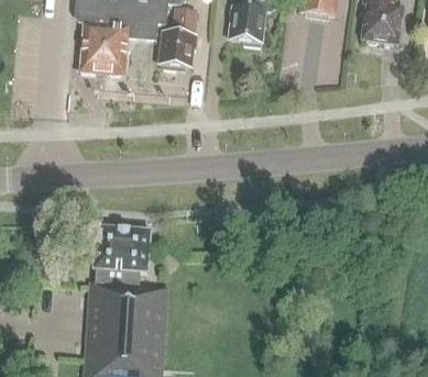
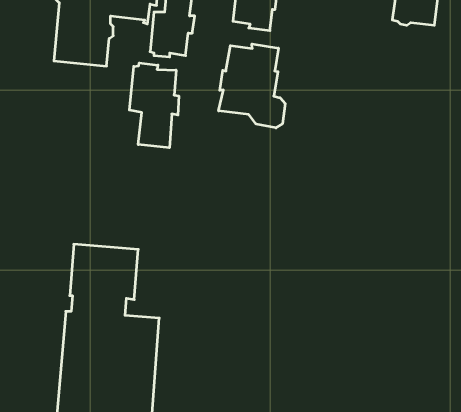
building: none -> [219,44,285,128]
building: none -> [129,63,179,148]

